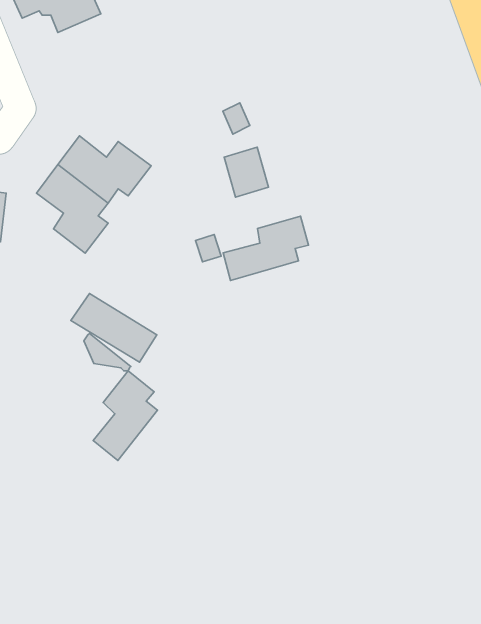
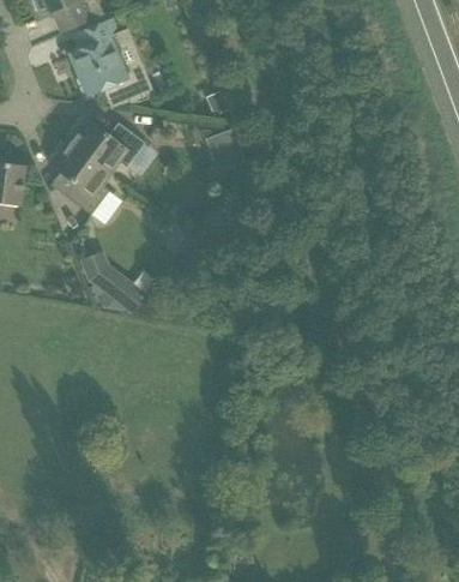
building: none -> [70,22,151,106]
building: [223,216,308,280] -> none
building: [93,371,158,460] -> none

